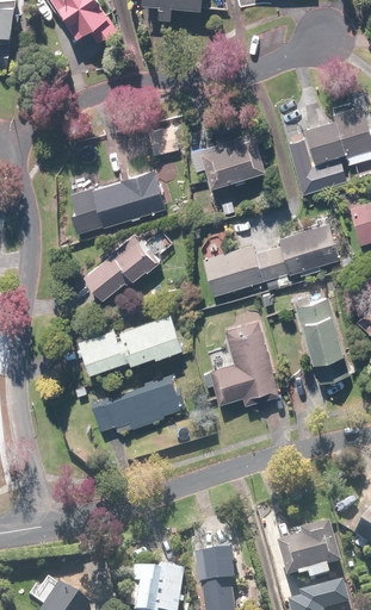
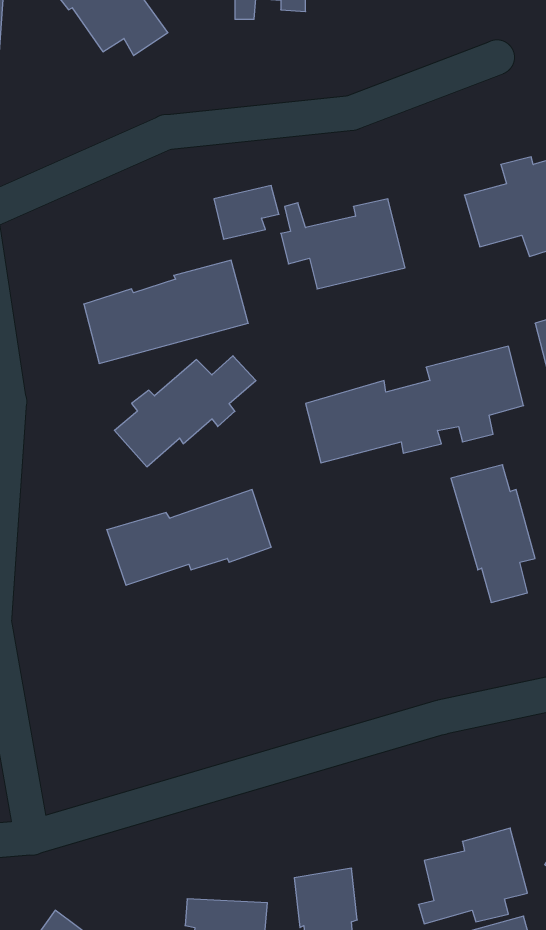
building: [286,136,346,192] -> none
building: [212,320,280,405] -> none
building: [91,375,187,432] -> none

